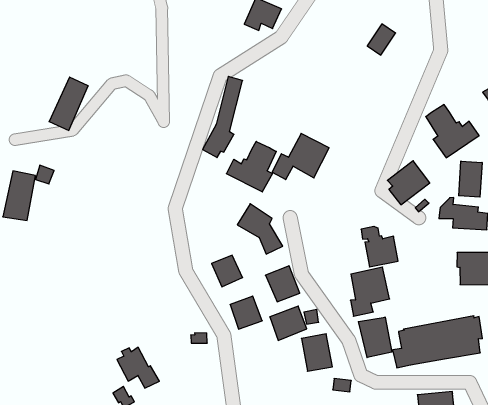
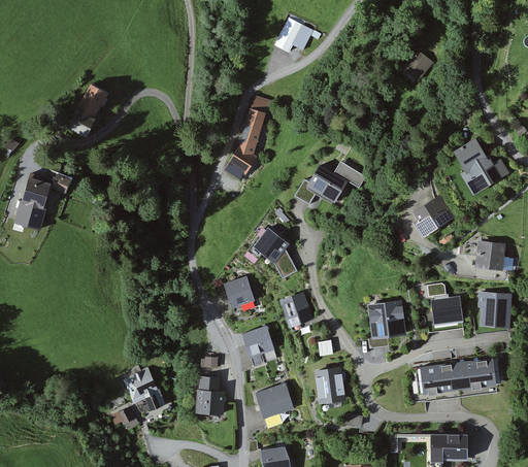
building: [226,141,276,192] -> none
building: [459,161,482,197] -> none
building: [361,226,398,267] -> [427,283,463,325]
building: [270,306,307,340] -> [258,386,295,420]
building: [358,317,392,358] -> none
building: none -> [195,375,225,414]

